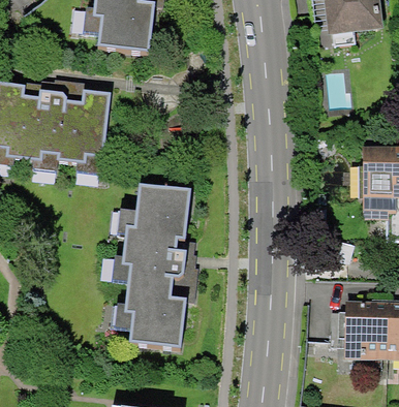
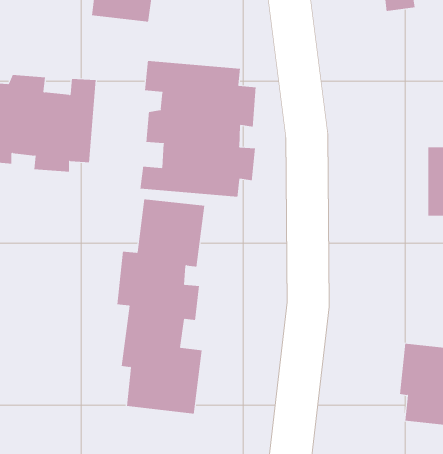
building: none -> [140,60,256,198]

